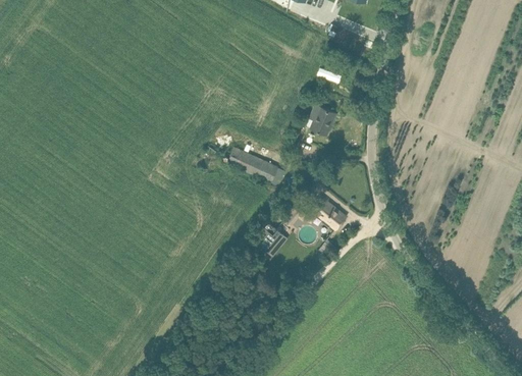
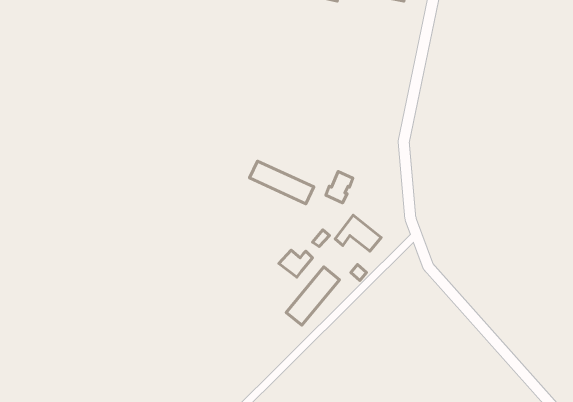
building: [312,106,336,135] -> [326,171,353,203]
building: none -> [286,267,339,325]

